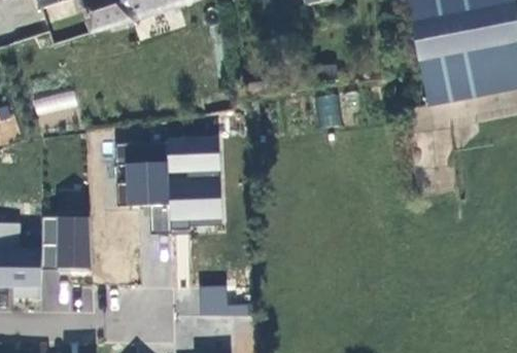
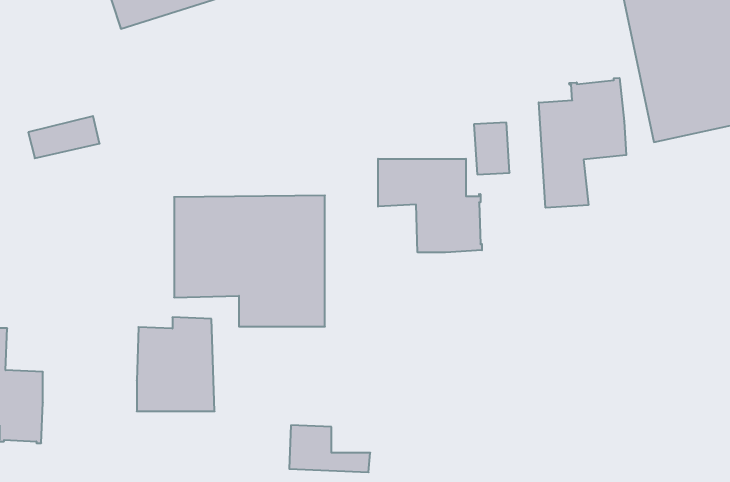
building: none -> [539,78,626,208]
building: none -> [378,159,482,252]
building: [41,212,91,272] -> [137,317,215,411]

